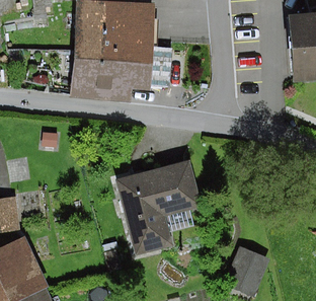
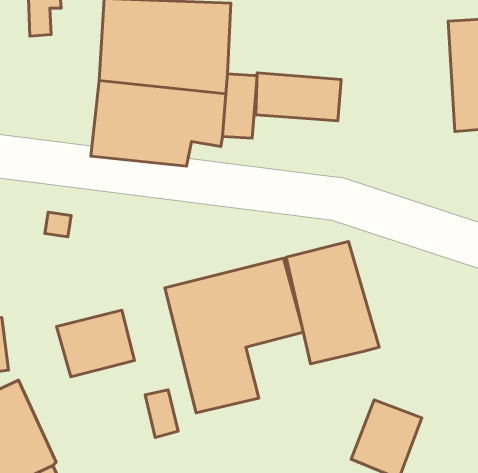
building: none -> [256,73,341,121]
building: none -> [286,241,379,364]
building: none -> [57,310,134,377]

